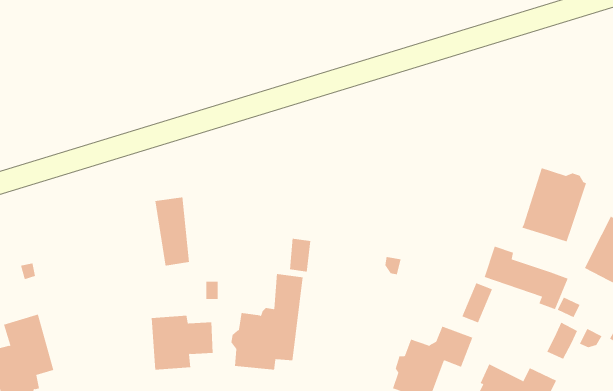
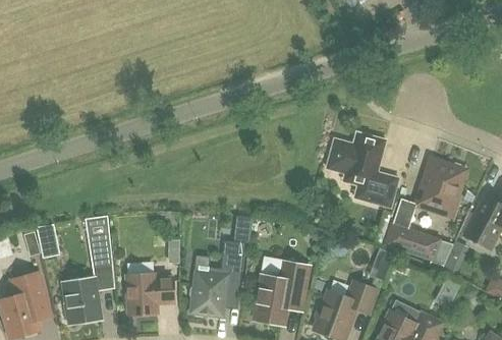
building: none -> [330,133,396,207]
building: [154,197,190,266] -> [85,216,112,270]
building: none -> [36,224,59,259]
building: none -> [254,259,308,325]
building: none -> [62,278,101,324]

